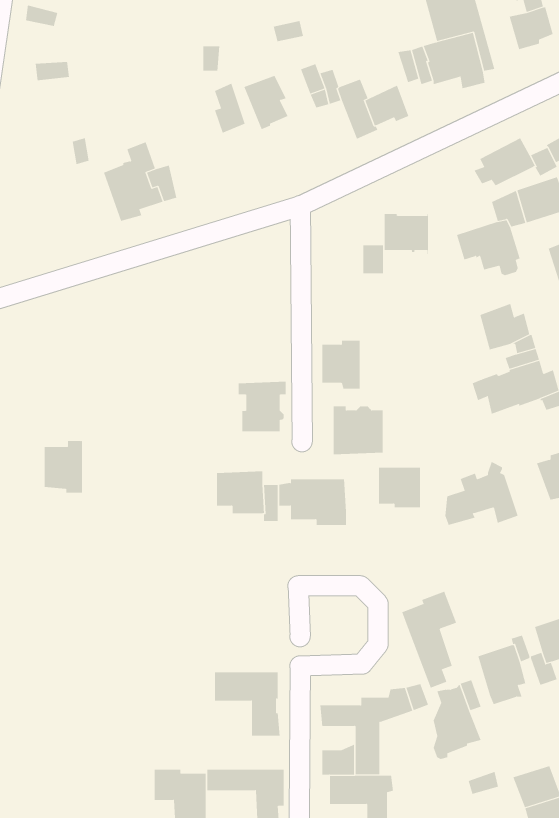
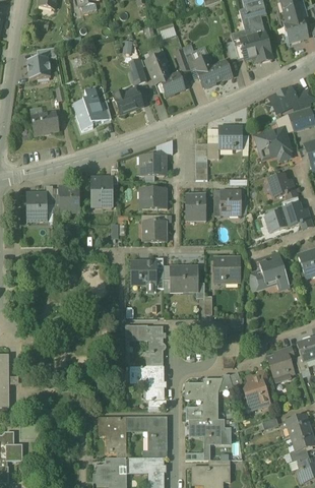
building: none -> [28,60,50,82]
building: none -> [160,71,185,96]
building: none -> [114,86,142,114]
building: none -> [30,112,59,136]
building: none -> [142,155,167,175]
building: none -> [91,168,118,206]
building: none -> [59,185,79,210]
building: none -> [142,187,168,207]
building: [333,406,383,455] -> [213,189,240,215]
building: [44,441,83,493] -> [26,191,47,219]
building: [401,591,457,688] -> none
building: none -> [125,324,166,365]

